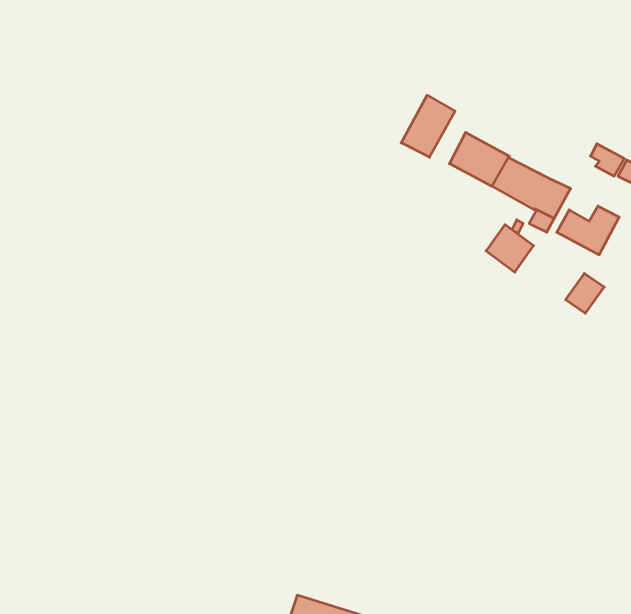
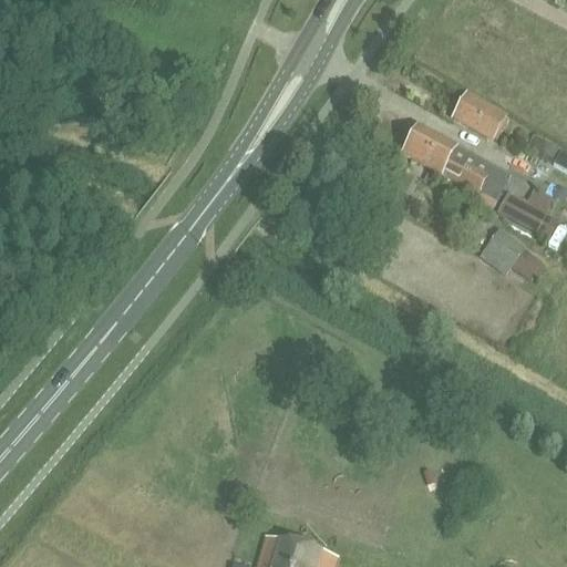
building: [401,95,455,157] -> none
building: none -> [456,93,502,134]
building: [486,225,534,272] -> [481,229,523,271]

